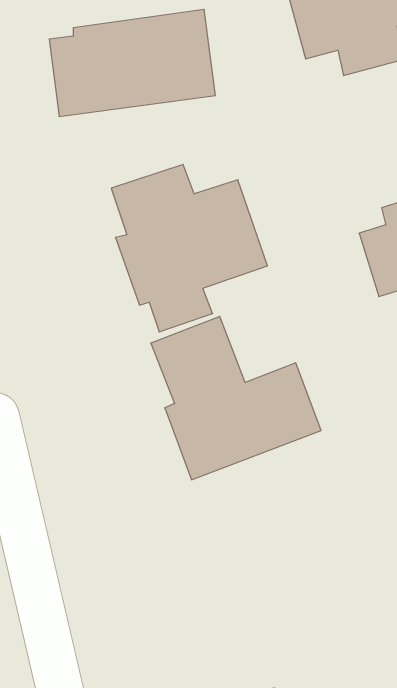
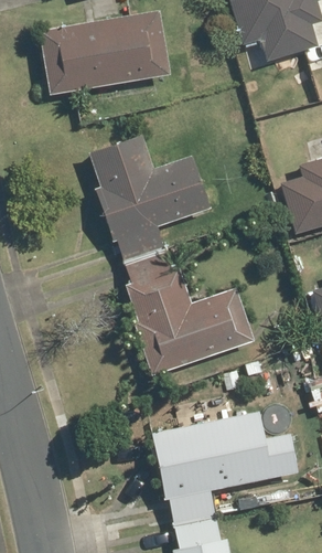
building: none -> [151,410,300,524]

